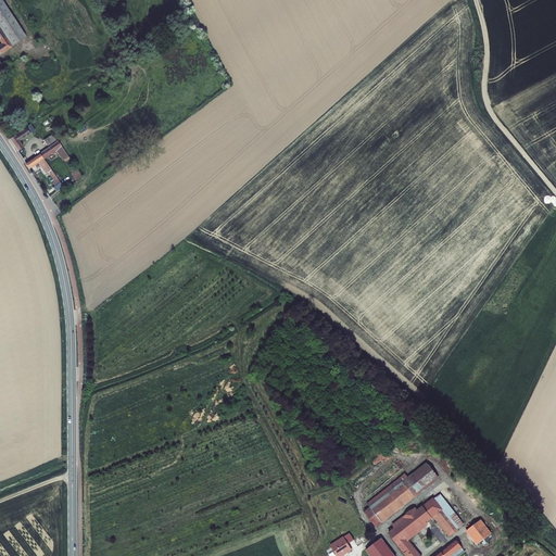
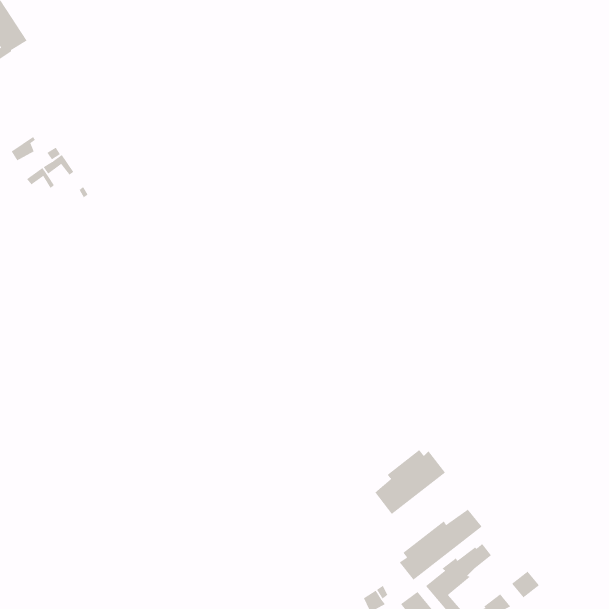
building: none -> [375,449,446,515]
building: [432,506,463,540] -> none

